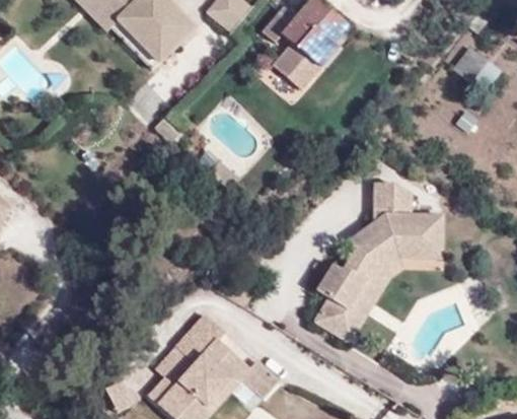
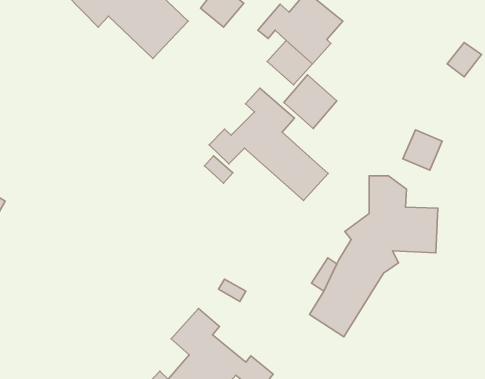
building: none -> [284,75,337,128]
building: none -> [209,88,328,200]
building: none -> [403,130,442,170]

